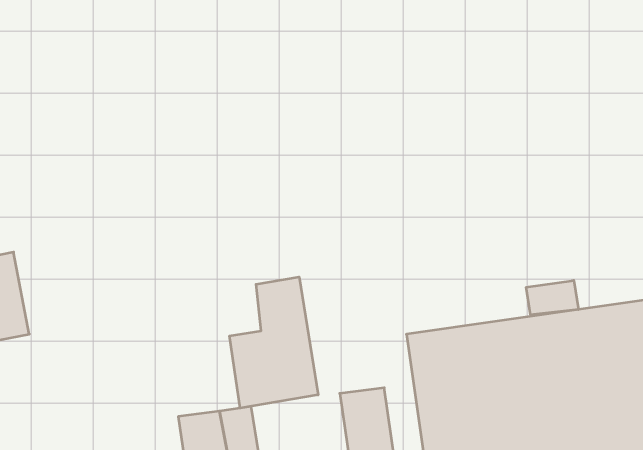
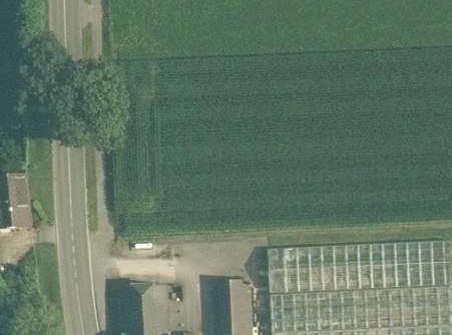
building: [230,277,318,408] -> none
building: [526,280,578,315] -> none

